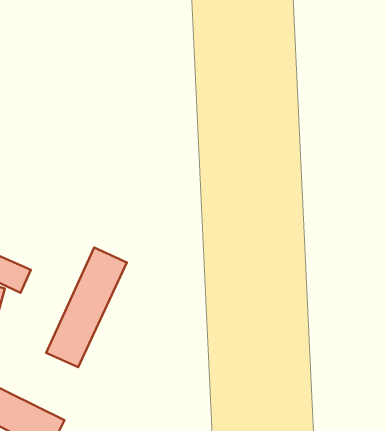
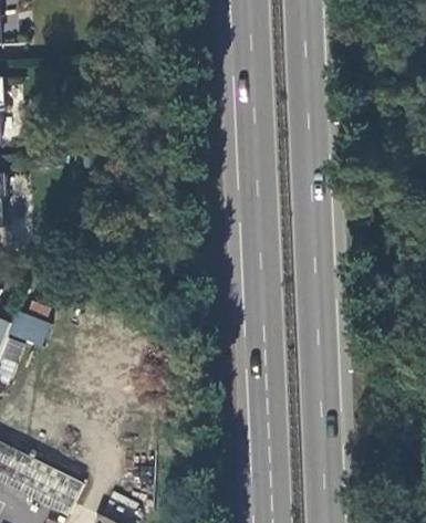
building: [46,248,127,367] -> none

